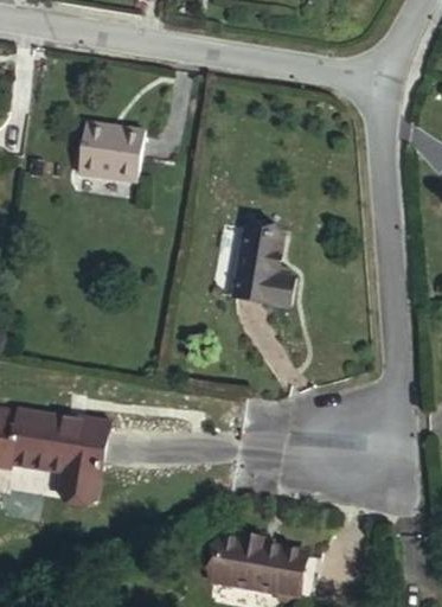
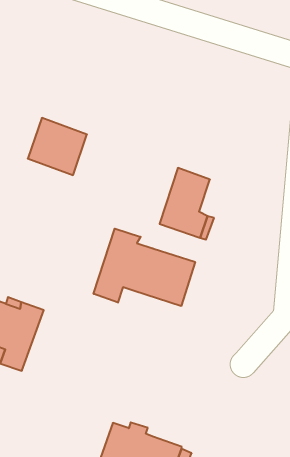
building: [77,120,143,183] -> [28,118,87,175]
building: none -> [94,229,195,306]

